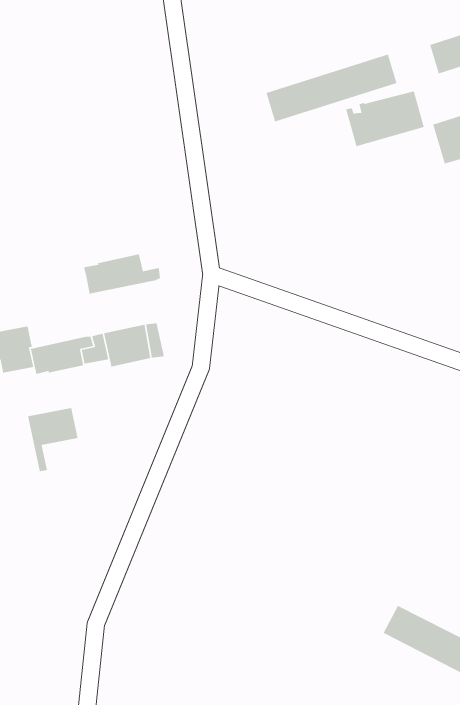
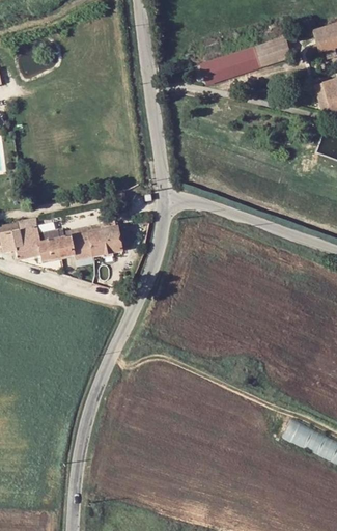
building: [345,90,425,147] -> none
building: [83,254,161,295] -> none
building: [27,407,79,472] -> none

